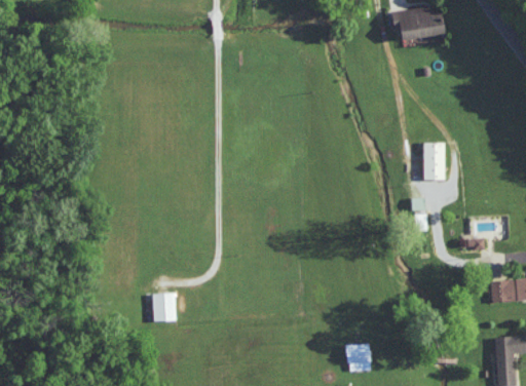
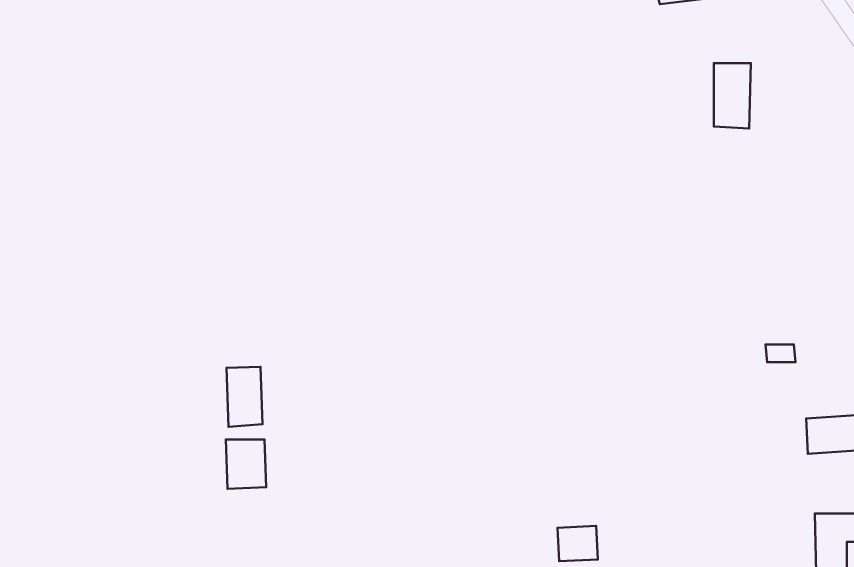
building: [423,143,445,181] -> [714,63,751,128]
building: none -> [226,367,263,427]

